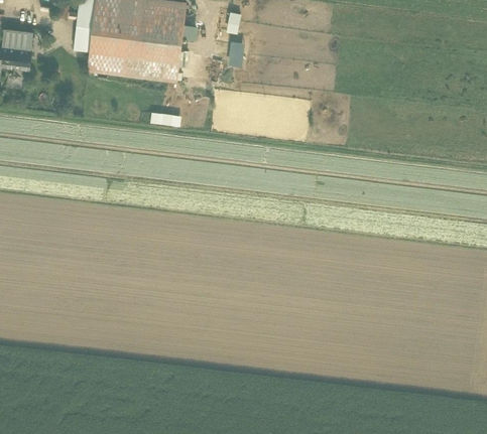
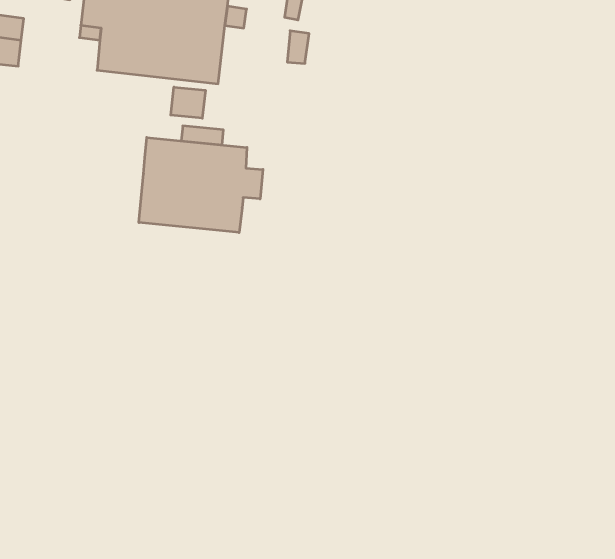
building: none -> [171,87,205,118]
building: none -> [139,137,263,233]

